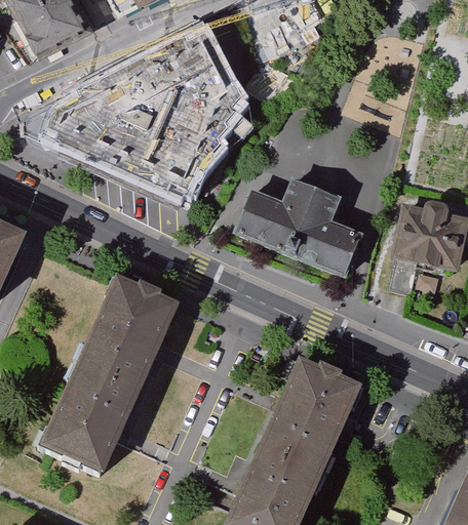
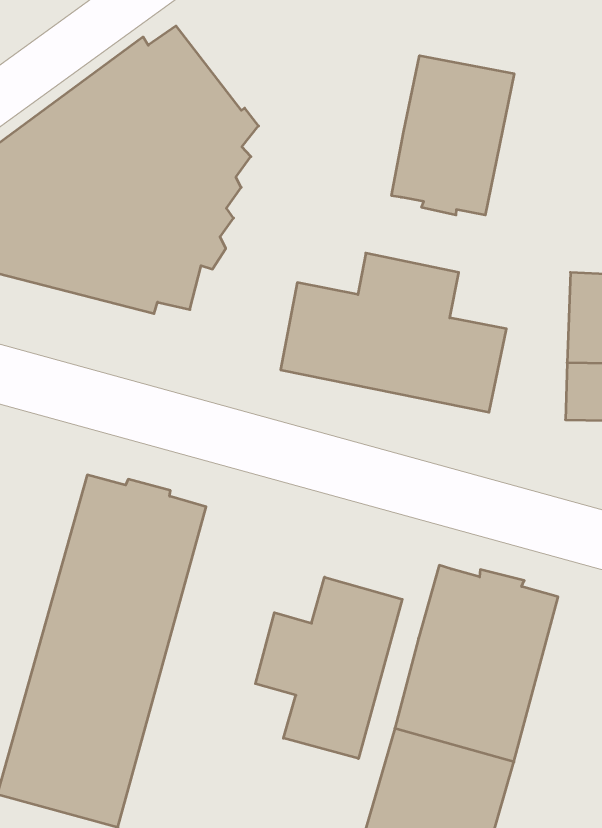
building: none -> [392,56,514,215]
building: none -> [255,577,402,759]

